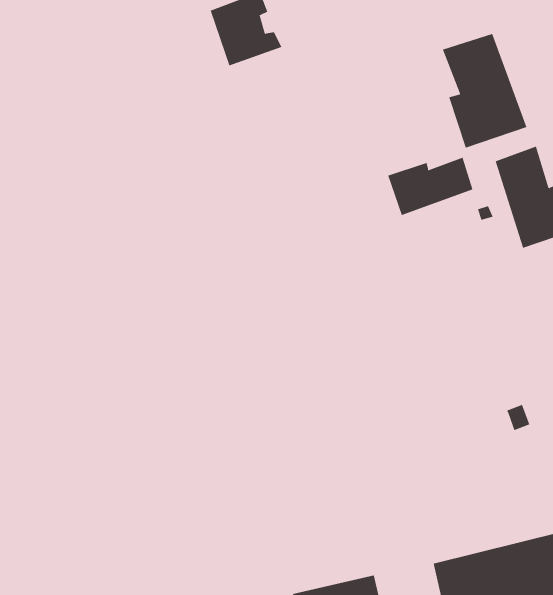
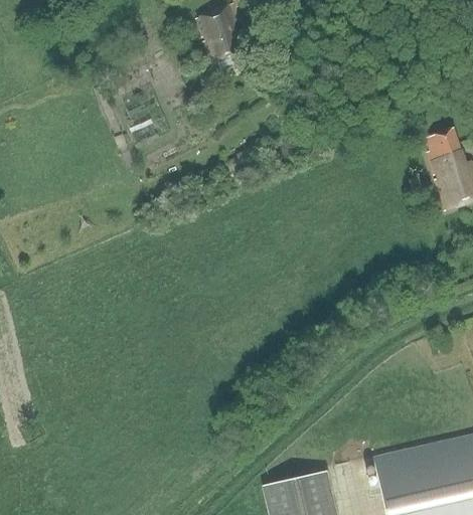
building: [442,33,527,148] -> none
building: [388,157,473,216] -> none

